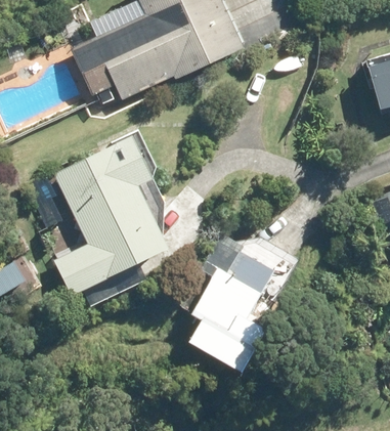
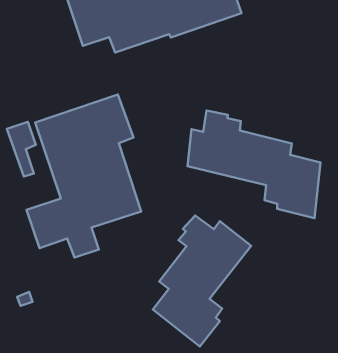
building: none -> [188,111,321,218]

